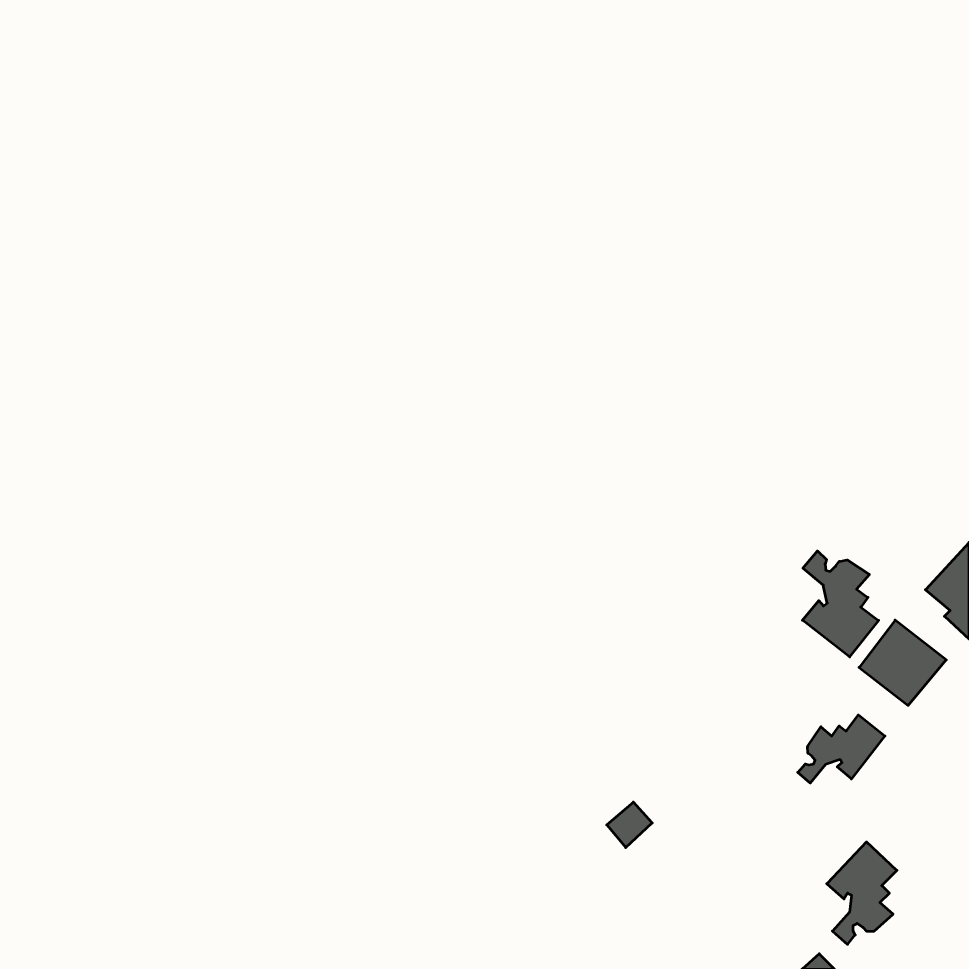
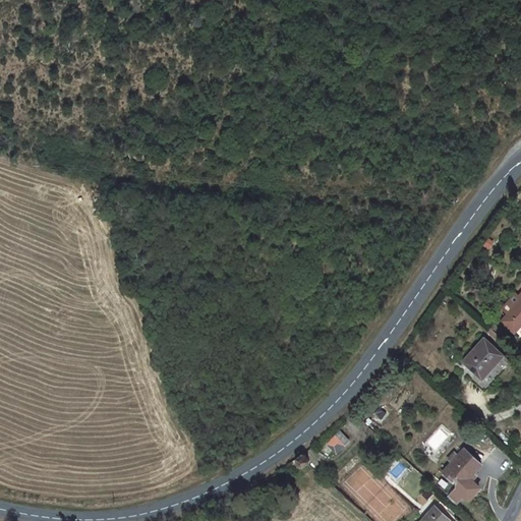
building: [802,551,879,657] -> none
building: [798,715,885,783] -> none

